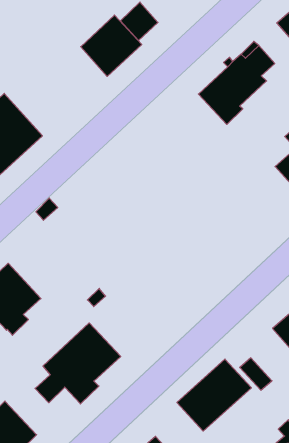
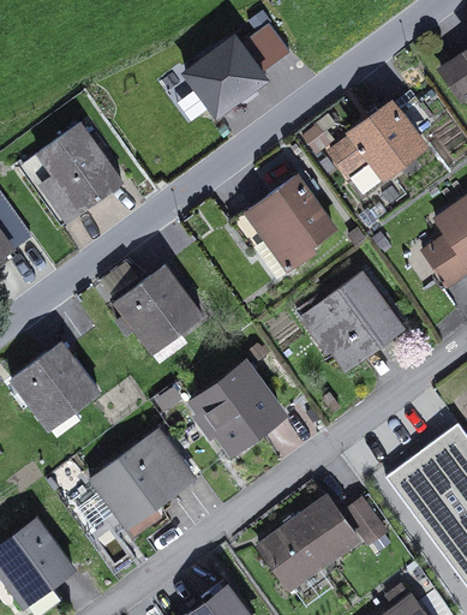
building: none -> [232,175,334,276]
building: none -> [303,271,402,369]
building: none -> [115,264,203,351]
building: none -> [196,364,281,449]

